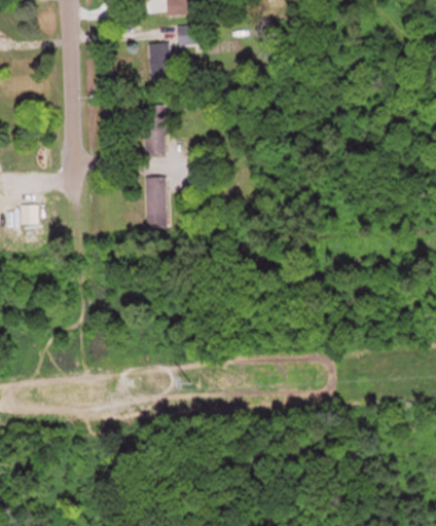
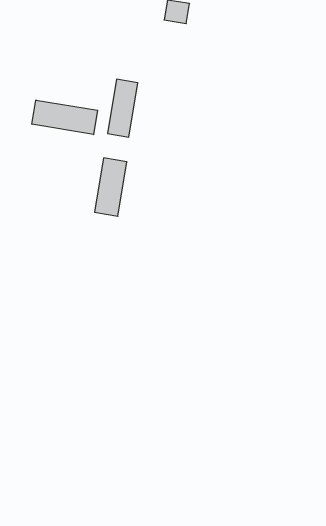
building: [150,43,171,79] -> none
building: none -> [32,100,98,135]

